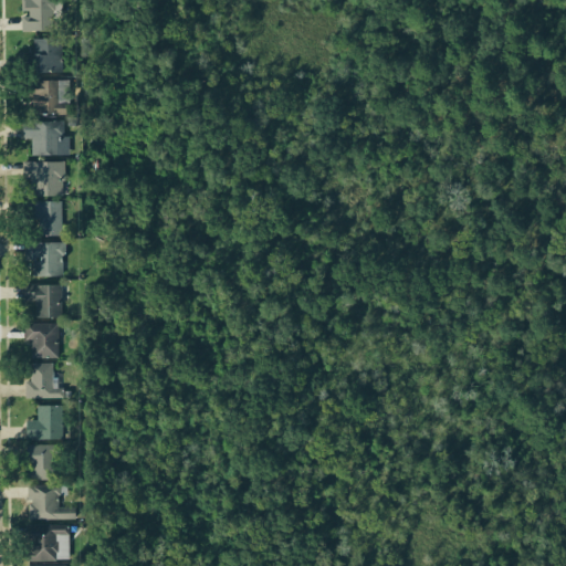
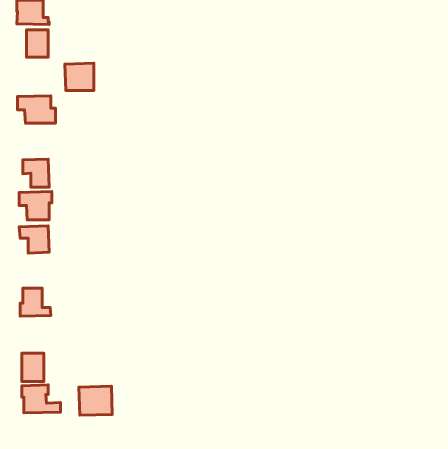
building: [32,80,69,114] -> [65,63,94,91]
building: [24,161,65,196] -> none
building: [25,323,60,358] -> none
building: [28,405,64,439] -> none
building: [28,524,70,560] -> [79,386,112,415]

